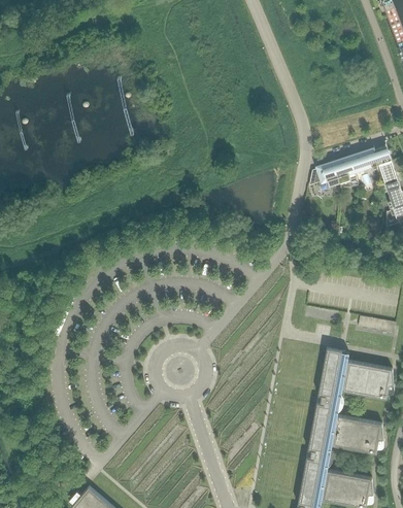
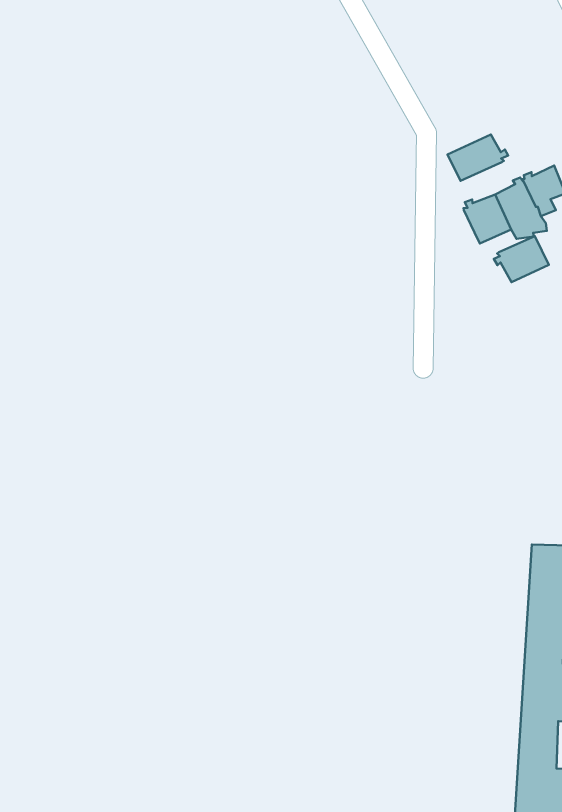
building: none -> [447,134,508,181]
building: none -> [494,236,549,282]

